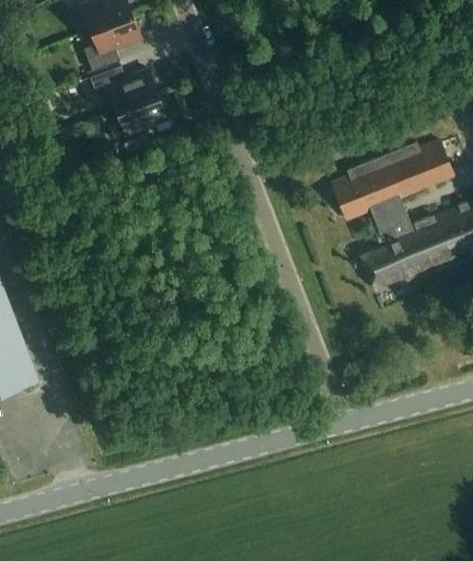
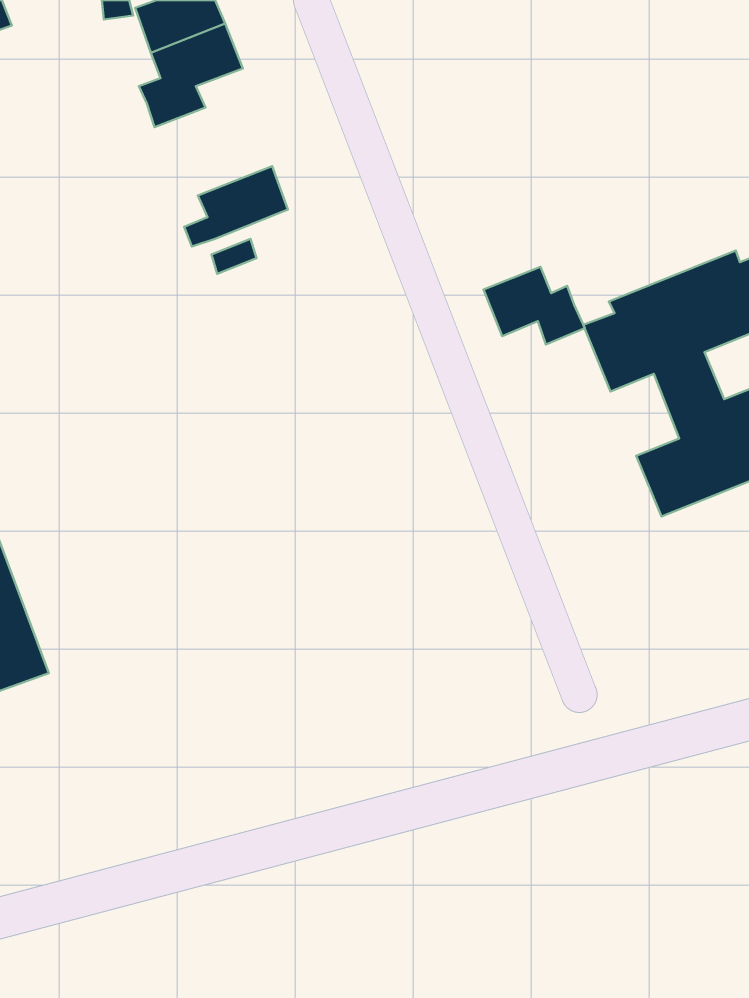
building: [94,70,158,111] -> none
building: none -> [483,267,585,344]

